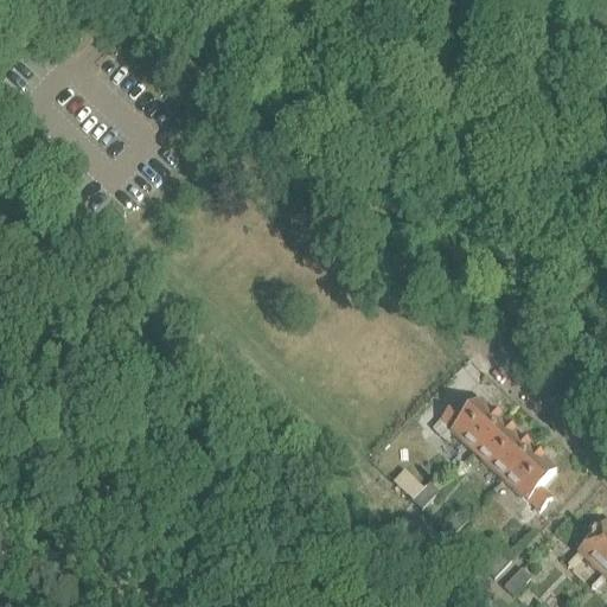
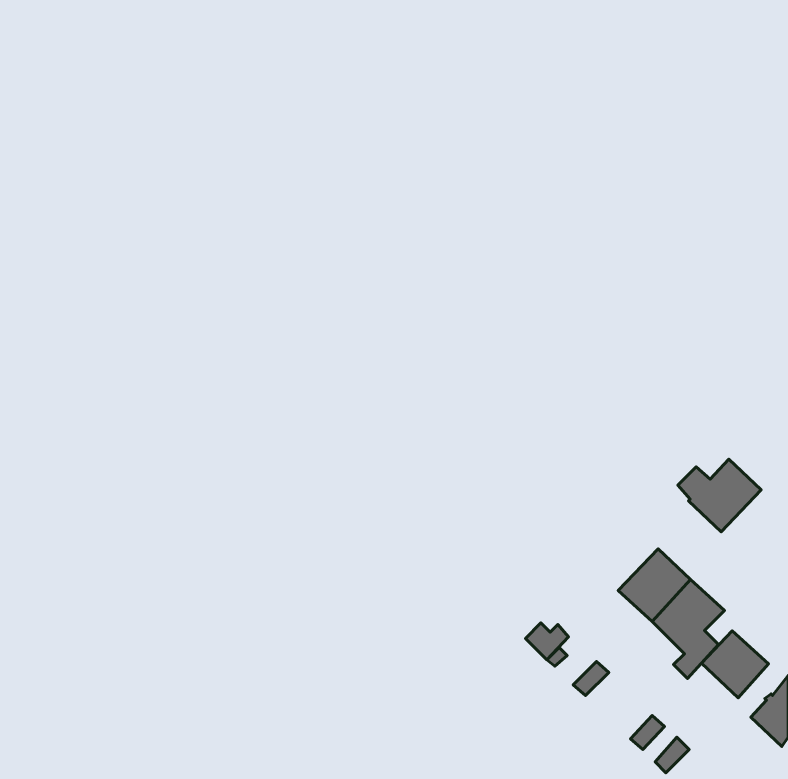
building: [441,397,505,453] -> [678,459,761,532]
building: none -> [701,631,768,698]

